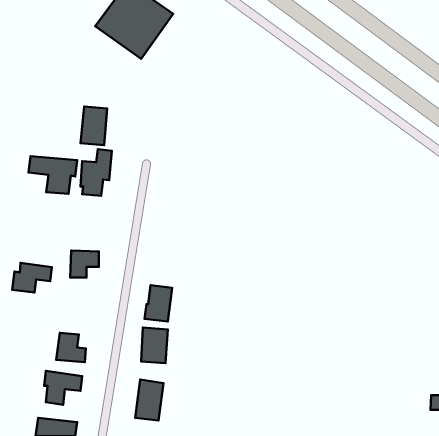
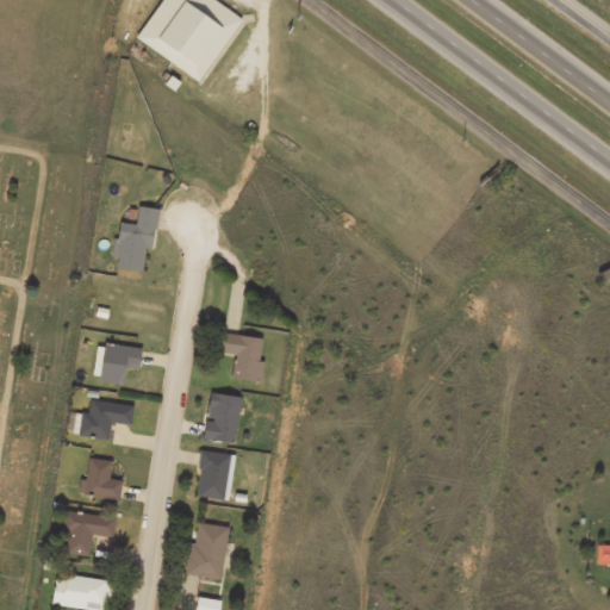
building: [80,107,107,145] -> none
building: [29,156,77,194] -> none
building: none -> [220,331,266,381]
building: [12,263,52,292] -> [80,399,135,440]

